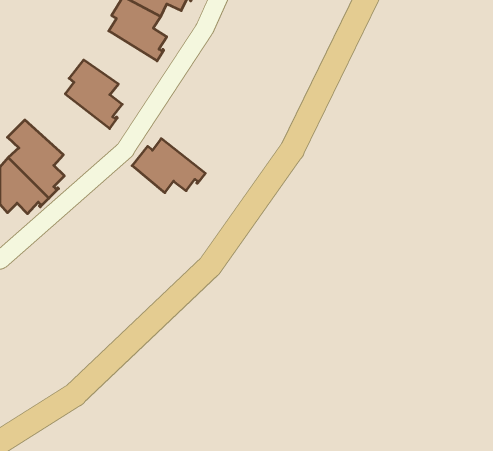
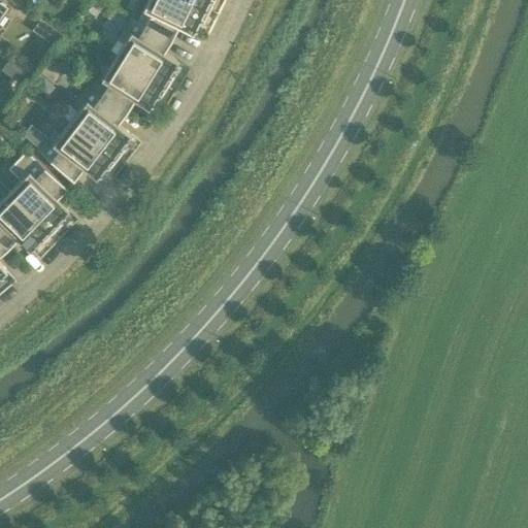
building: none -> [90,57,168,113]
building: [132,139,205,193] -> [39,124,118,182]

